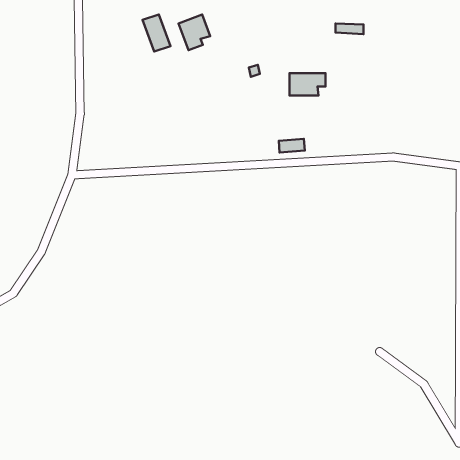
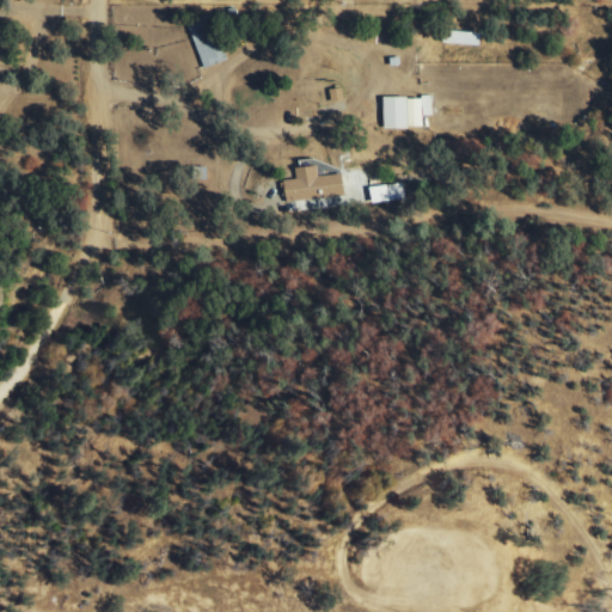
building: [179,15,210,50] -> none
building: none -> [283,165,345,201]

